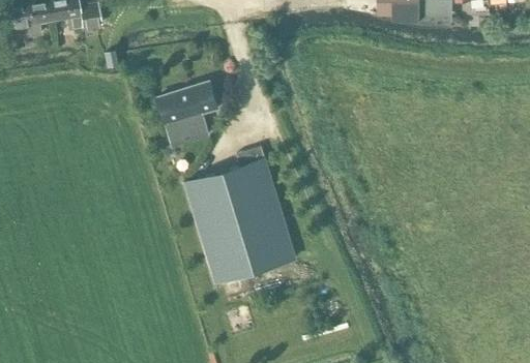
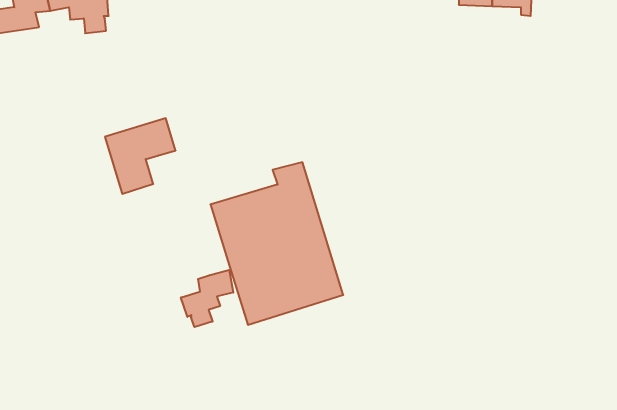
building: [158,82,217,145] -> [105,118,176,194]
building: none -> [181,270,233,327]

